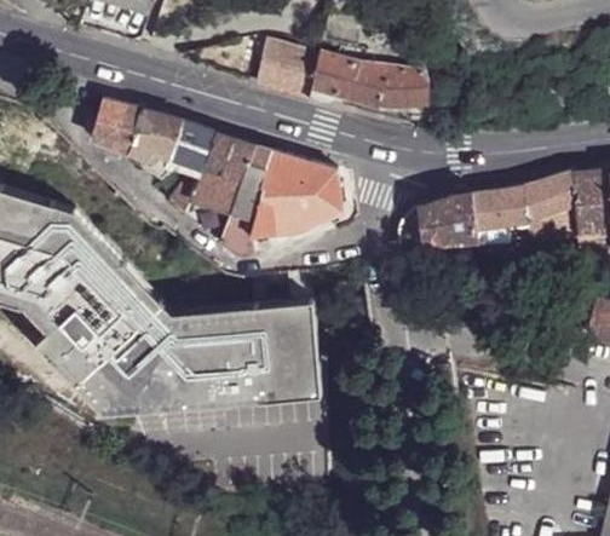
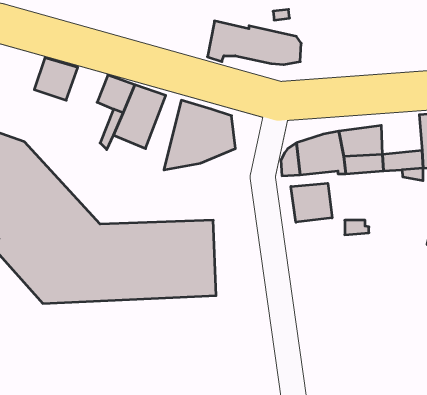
building: [254,41,317,98] -> none
building: [132,111,184,180] -> none
building: [220,146,276,260] -> none
building: [526,171,577,220] -> none
building: none -> [291,183,332,222]

